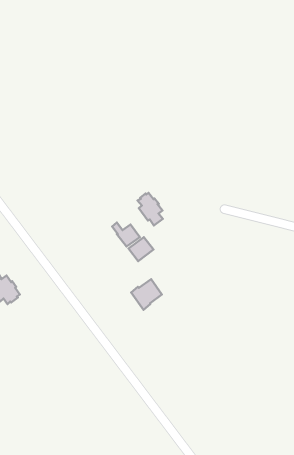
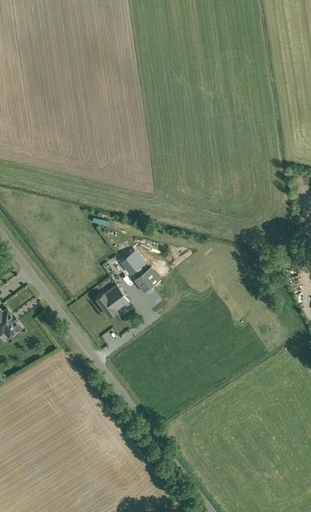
building: [138,193,163,225] -> none
building: [131,279,162,310] -> [97,286,129,318]

